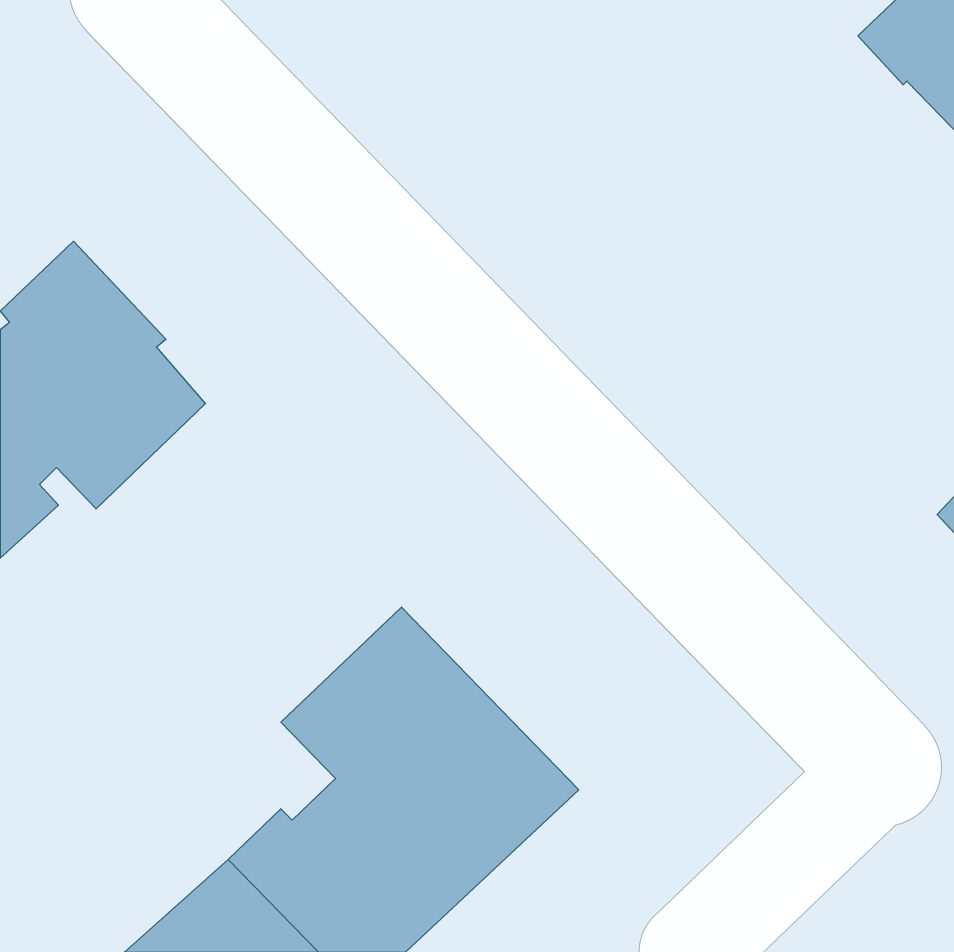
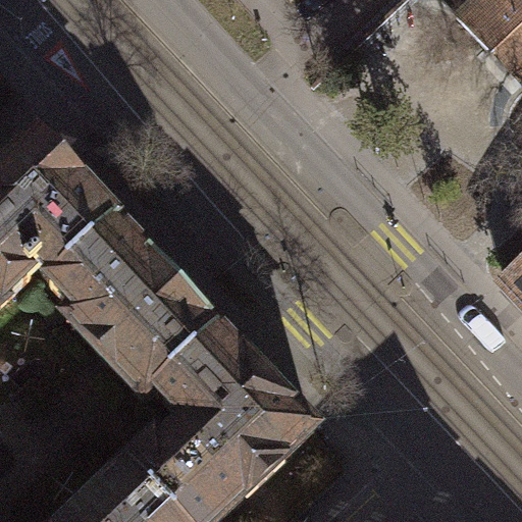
building: none -> [49,218,222,399]

